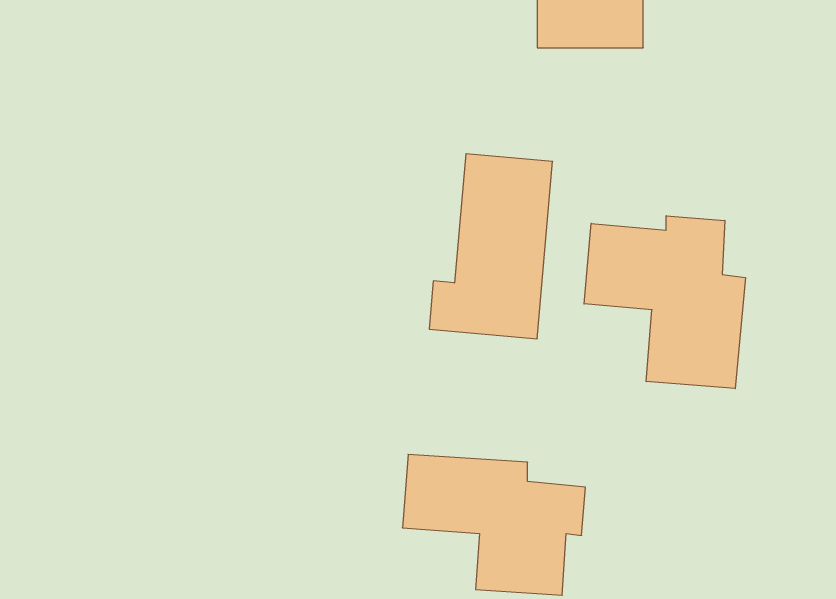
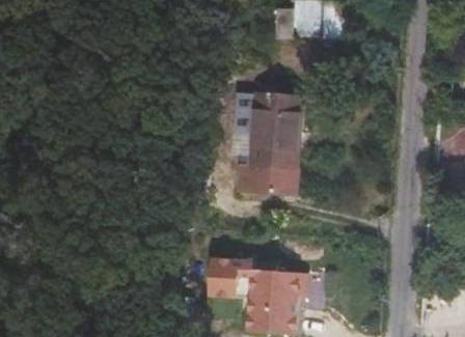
building: [584,216,745,389] -> none

